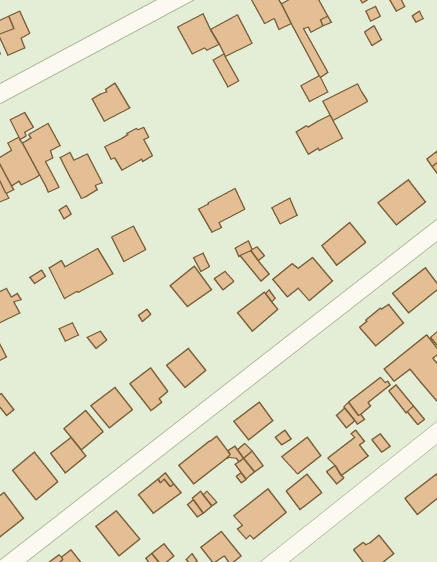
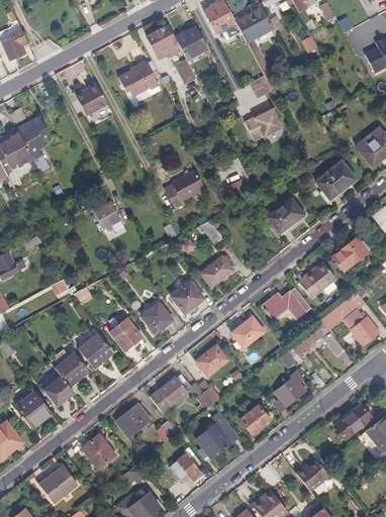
building: [323,84,367,120] -> none
building: [105,127,152,170] -> [121,60,161,95]
building: [60,152,102,198] -> none
building: [49,249,113,299] -> none
building: [273,258,333,300] -> [262,289,311,324]
building: [170,266,212,307] -> [169,280,203,313]
building: [282,437,321,474] -> [230,318,263,348]

